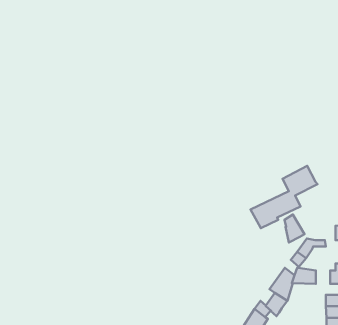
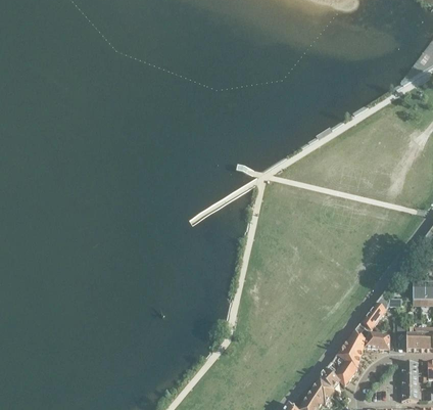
building: [251,166,318,228] -> none
building: [284,215,305,243] -> none

